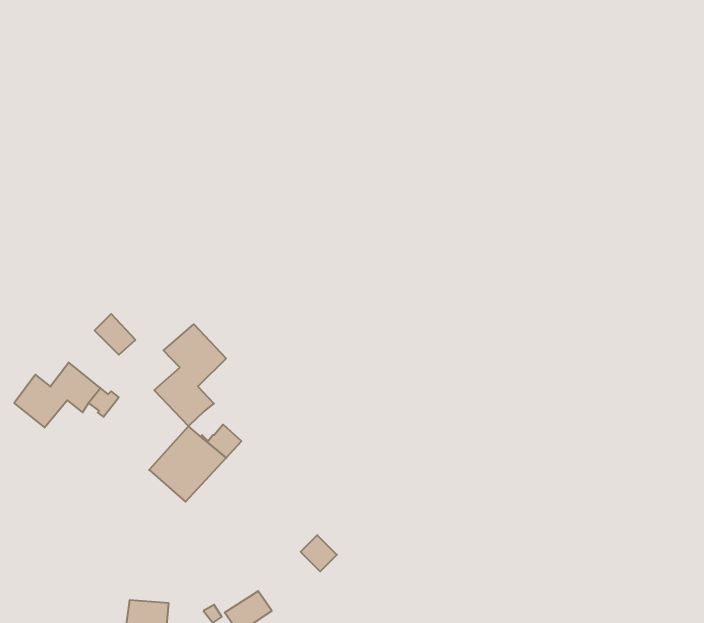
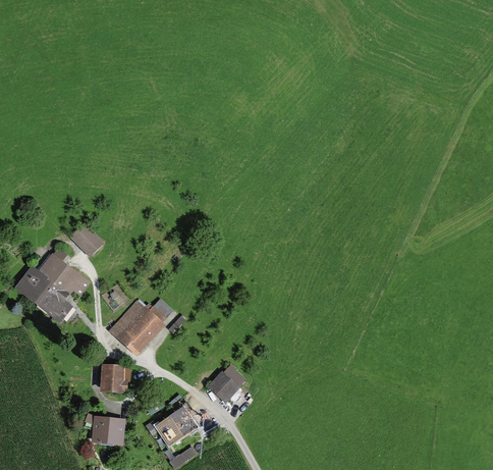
building: [154,324,226,426] -> none
building: none -> [40,283,71,318]
building: none -> [102,361,129,390]

